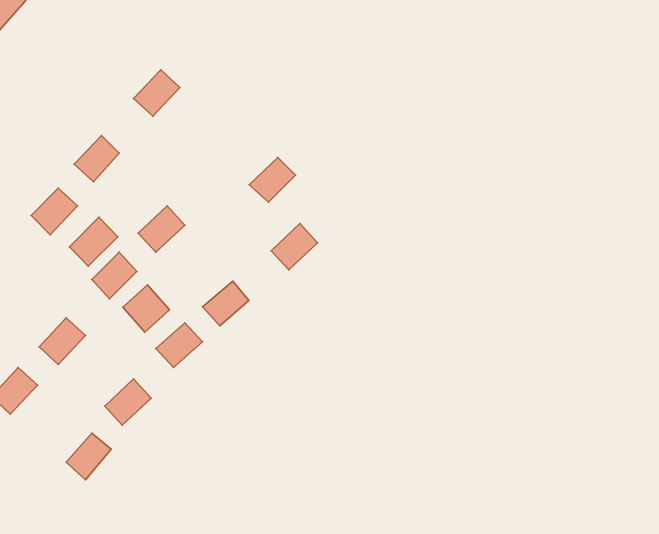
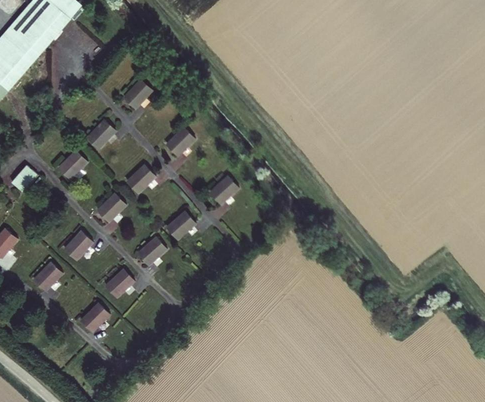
building: [249,157,296,202] -> [165,126,194,154]
building: [69,217,118,266] -> none
building: [123,285,169,332] -> none

